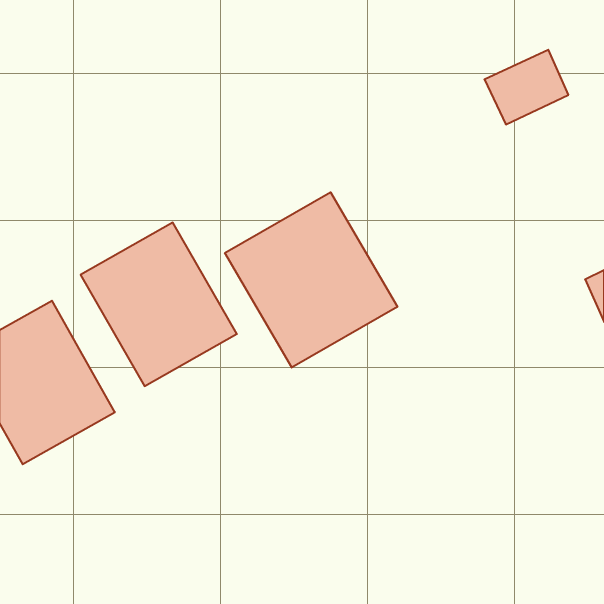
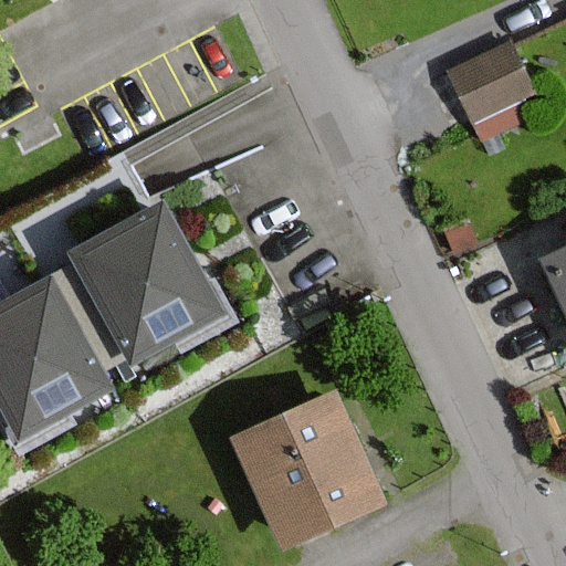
building: [225,192,397,368] -> none
building: none -> [240,400,380,544]

